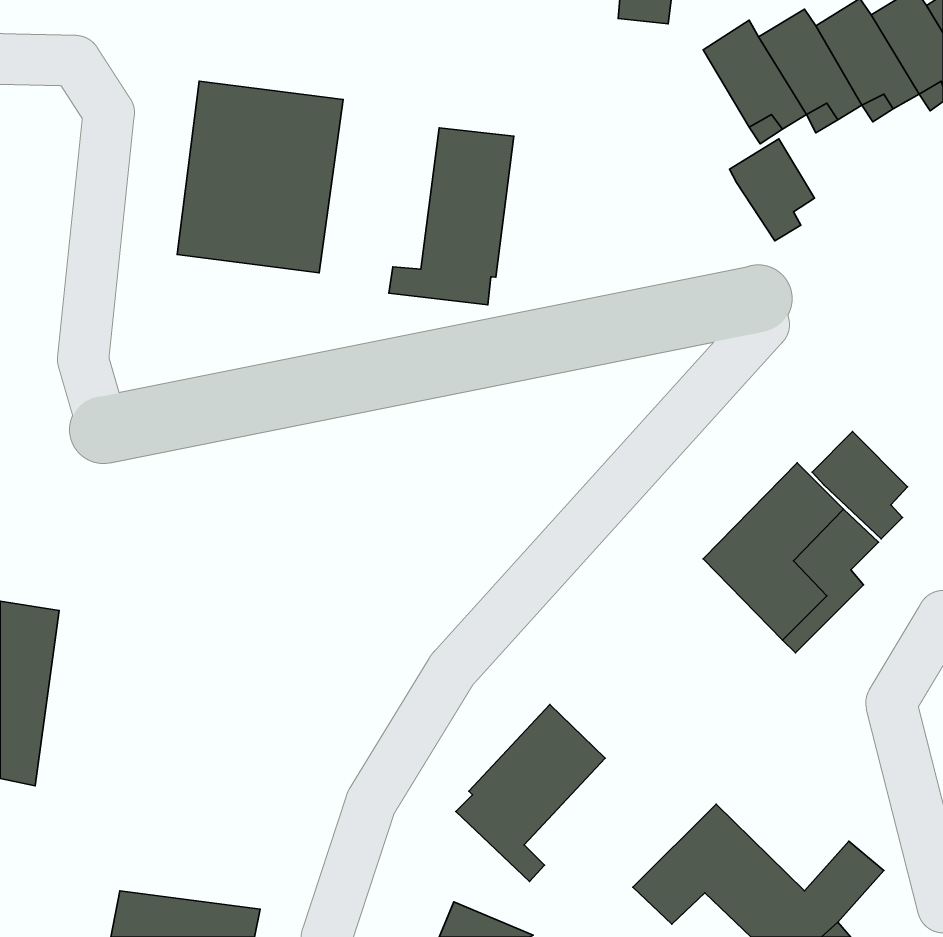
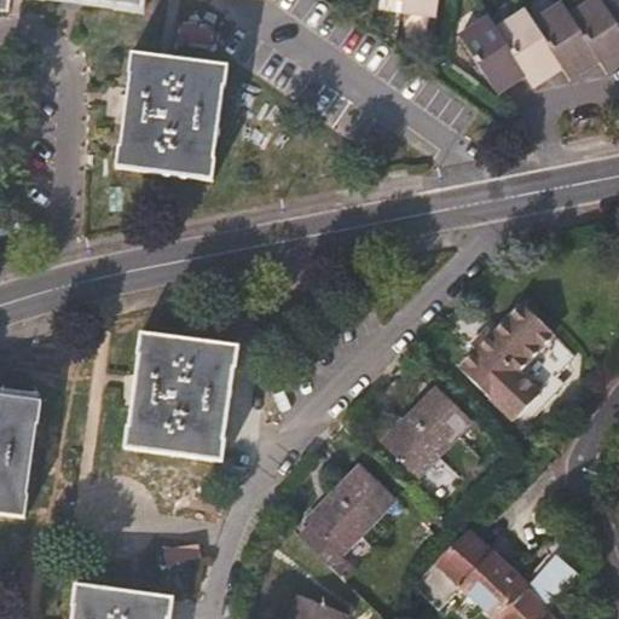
building: [389,128,514,305] -> none
building: [729,139,814,241] -> none
building: [812,431,908,539] -> none
building: none -> [127,331,236,458]
building: none -> [382,384,472,475]

